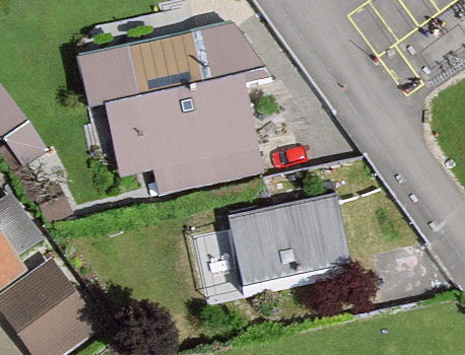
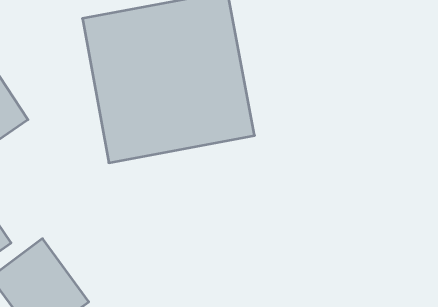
building: [219,197,347,294] -> none

